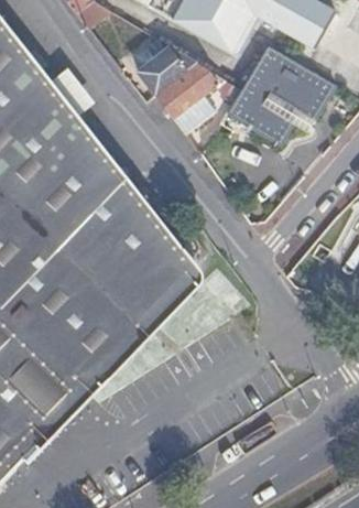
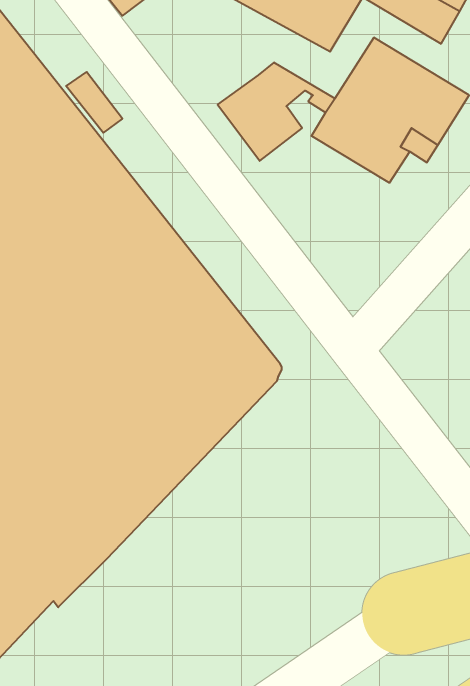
building: [139,47,185,88] -> none

